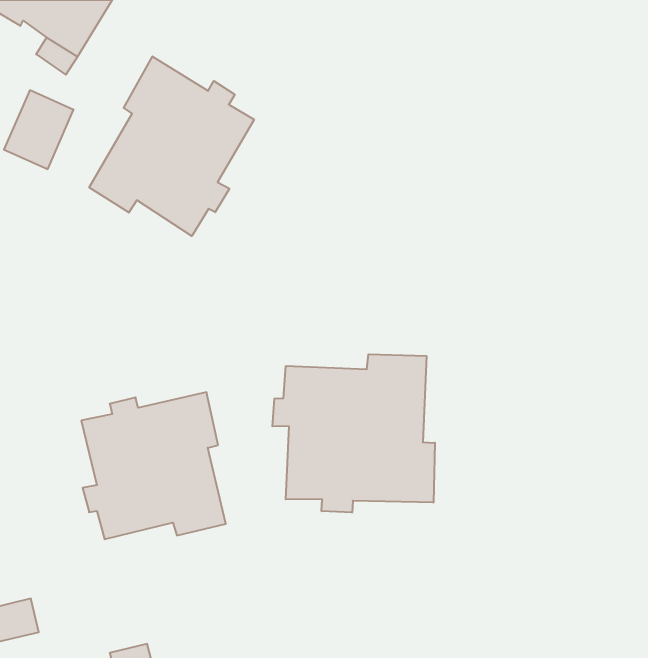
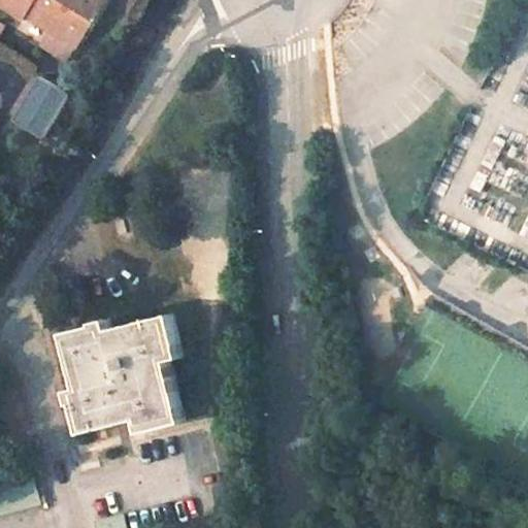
building: [89,56,254,236] -> none
building: [272,354,435,513] -> none

